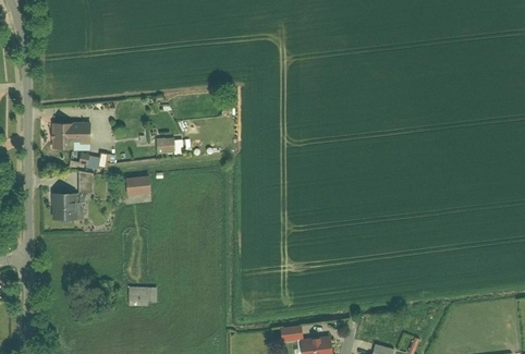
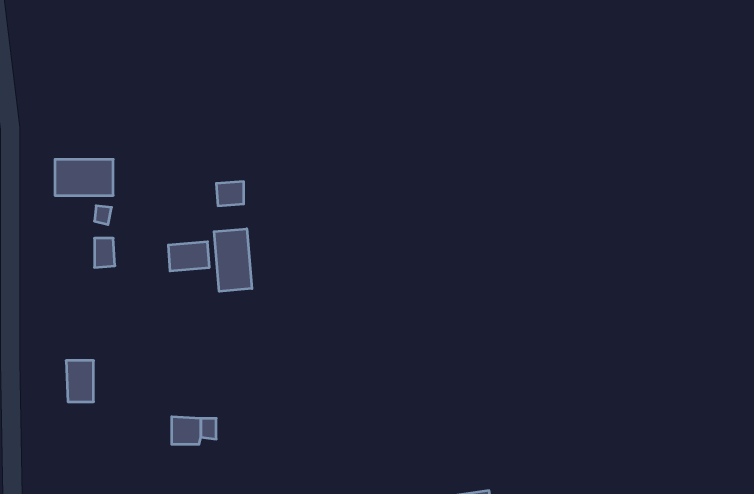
building: none -> [214,229,252,291]
building: [59,195,76,221] -> [66,361,94,402]

